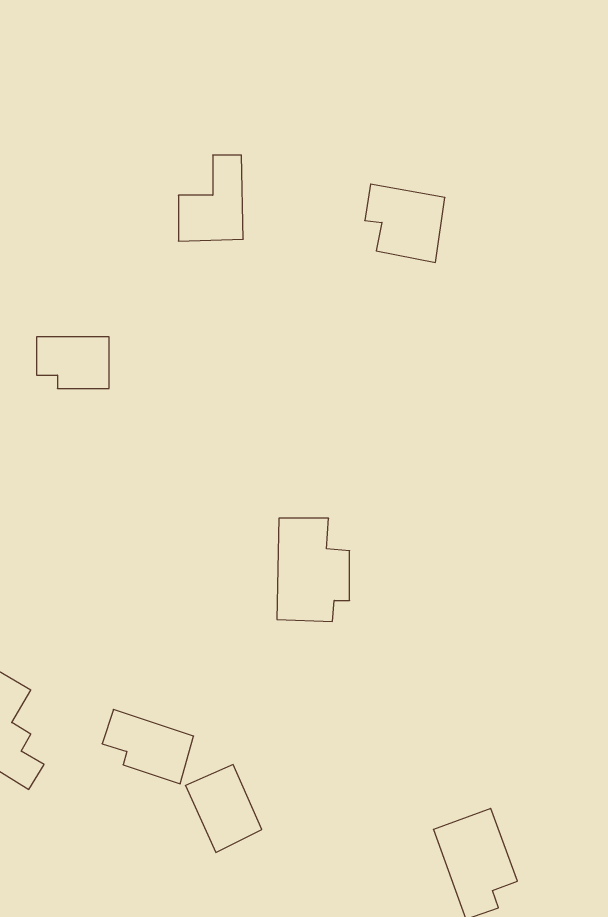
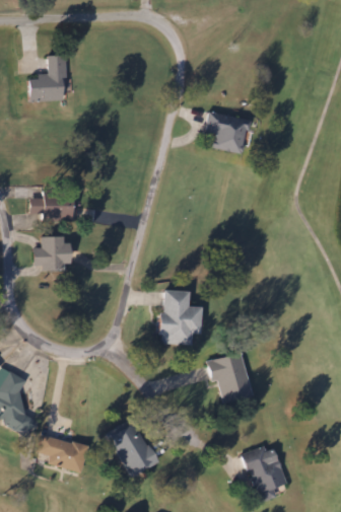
building: [178,155,243,241] -> [28,55,63,100]
building: none -> [33,236,68,268]
building: none -> [206,352,252,403]
building: [102,709,194,784] -> [39,434,87,473]

